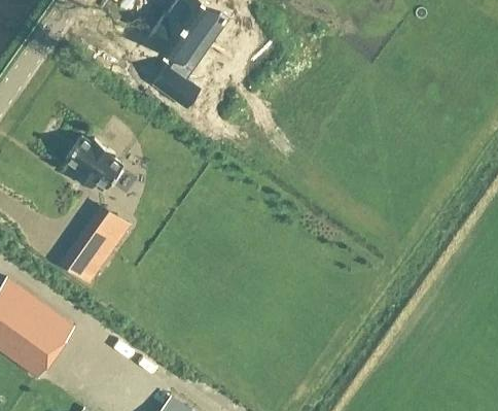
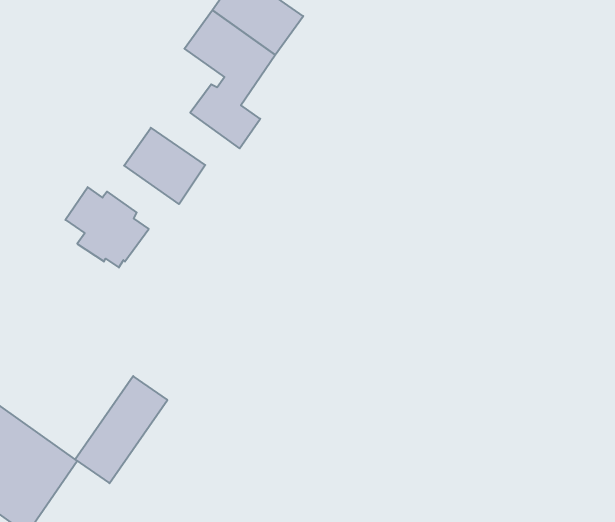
building: none -> [124,128,205,204]
building: [66,207,130,281] -> [75,376,167,483]

